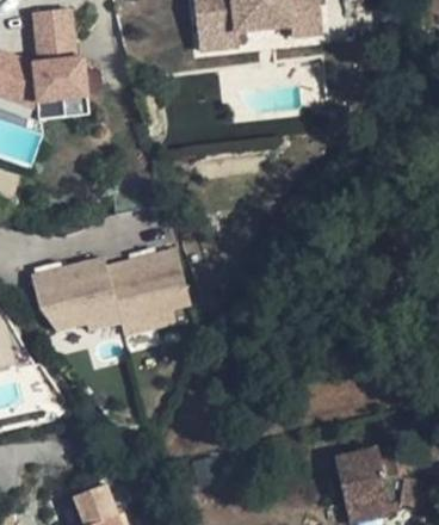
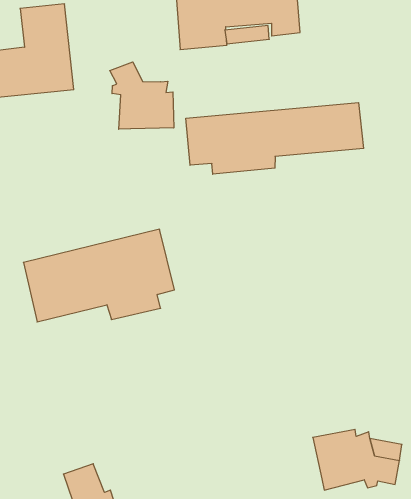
building: none -> [110,62,174,129]
building: none -> [186,103,364,174]

